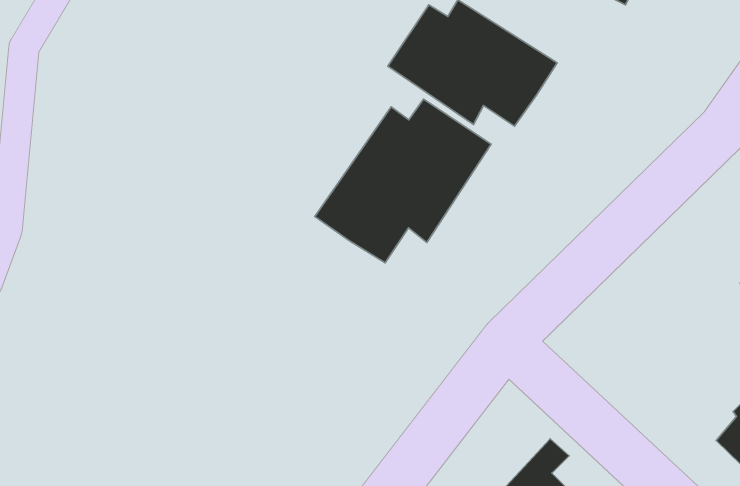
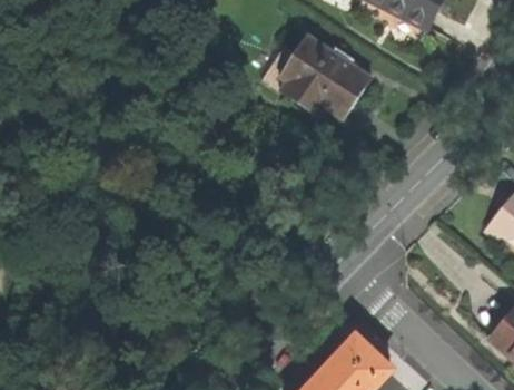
building: [315,99,491,263] -> none

